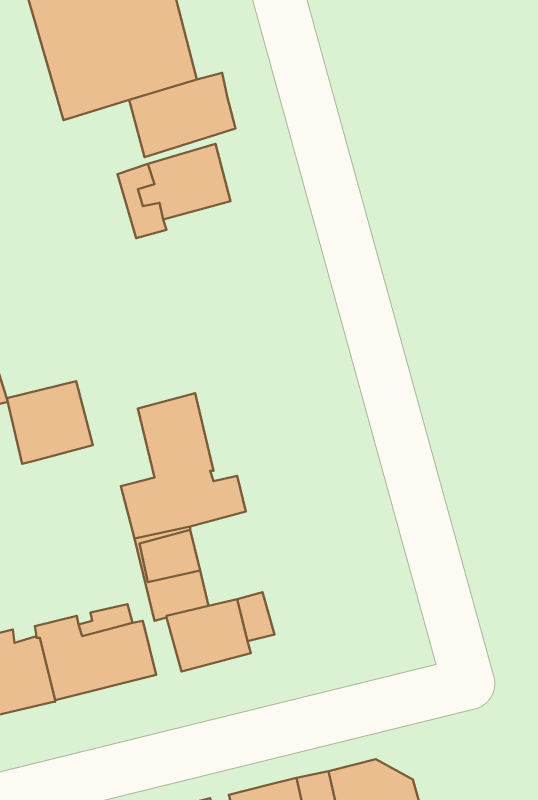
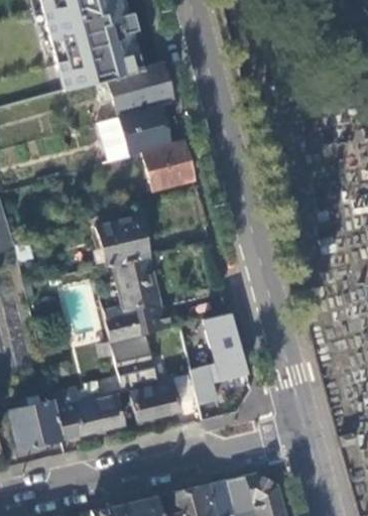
building: none -> [141,141,194,189]
building: [7,381,93,464] -> [96,217,147,266]
building: none -> [190,313,247,405]

